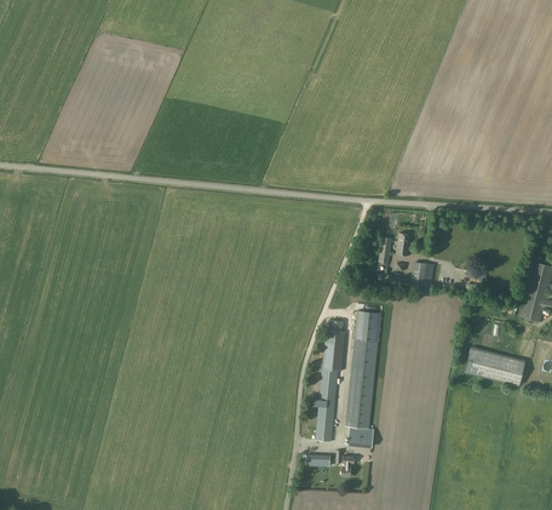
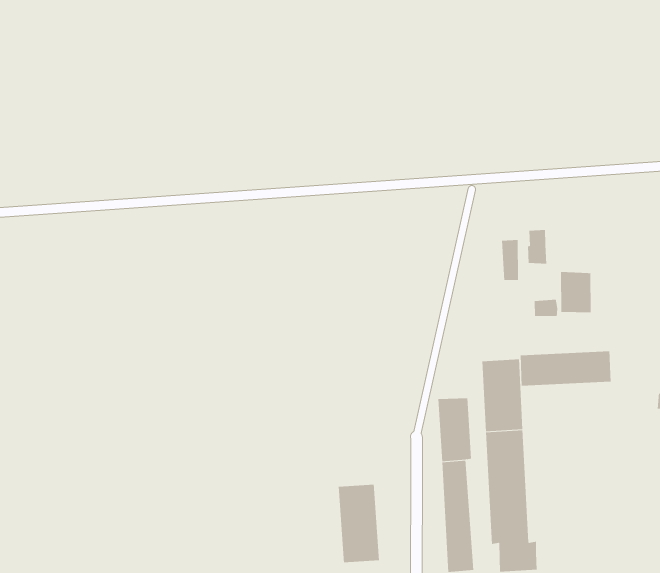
building: none -> [520,351,611,387]
building: none -> [338,484,380,563]

